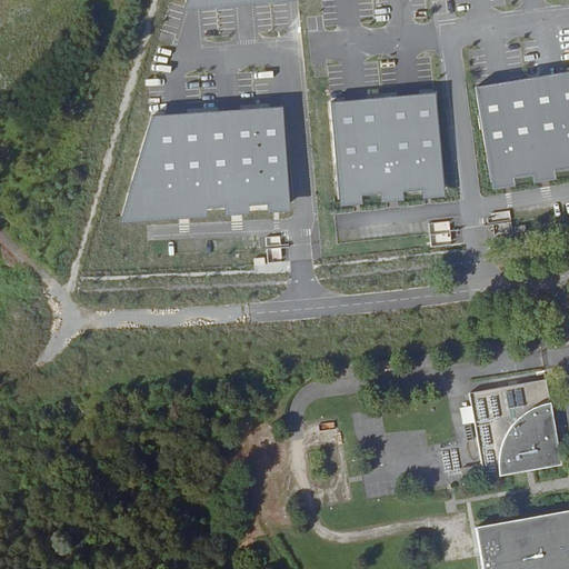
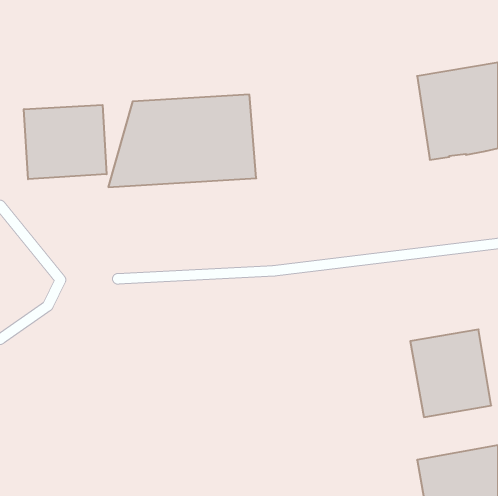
building: [330,94,446,201] -> none
building: none -> [24,105,107,179]

